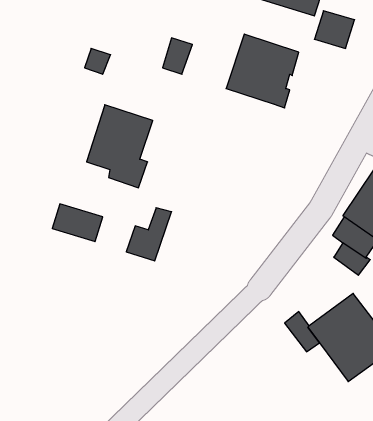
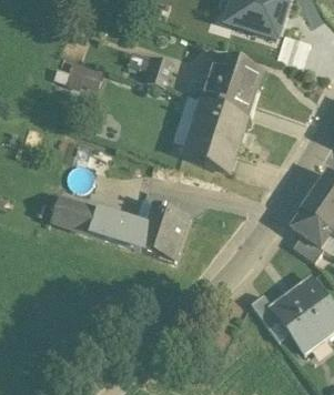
building: [87,105,153,188] -> [185,100,242,171]
building: none -> [140,204,190,259]
building: none -> [89,209,123,240]

